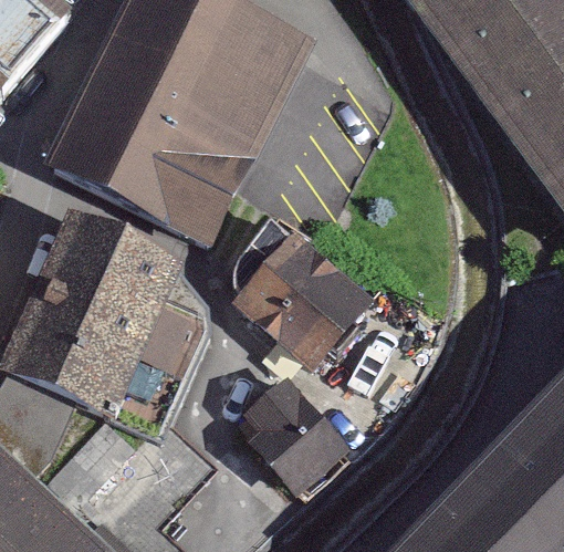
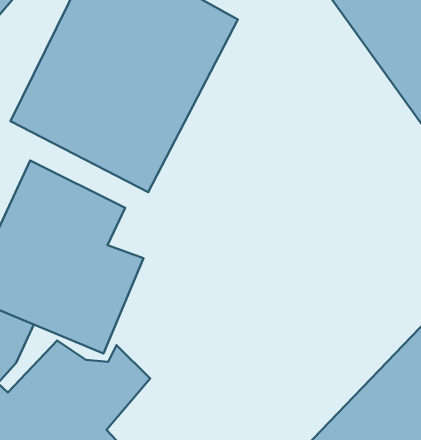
building: [231,233,374,372] -> none
building: [243,377,347,494] -> none

